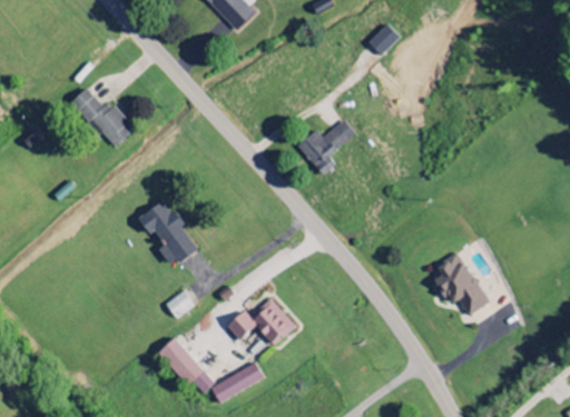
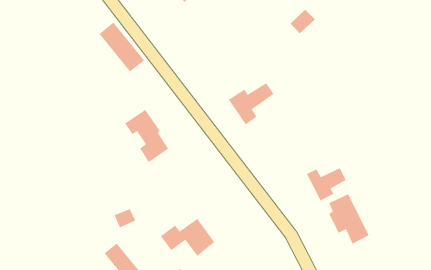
building: [70,86,131,148] -> [98,22,145,73]
building: [136,198,195,266] -> [124,109,169,163]
building: none -> [306,167,347,202]

